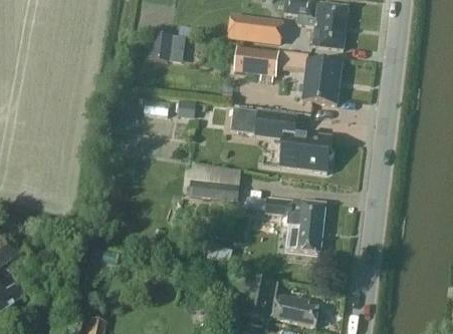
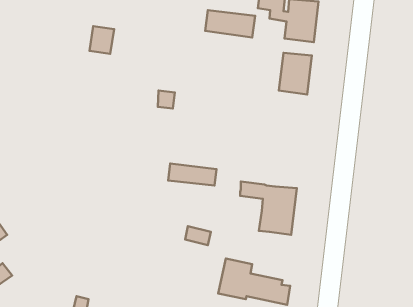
building: [149,32,175,61] -> [89,26,114,54]
building: [234,46,306,76] -> none
building: [230,107,331,170] -> none

